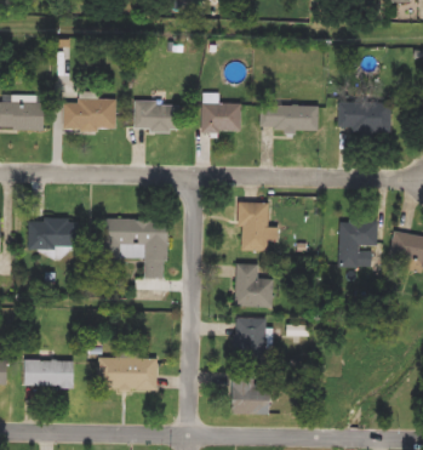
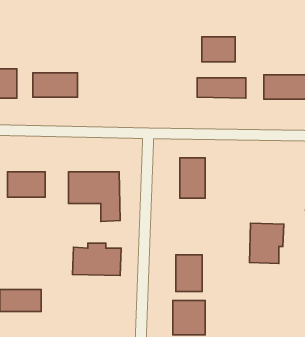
building: [132,101,176,130] -> none
building: [200,102,240,132] -> [202,37,235,62]
building: [336,218,377,267] -> [249,223,284,264]
building: [235,263,273,304] -> none
building: [97,351,155,389] -> [73,243,121,275]

